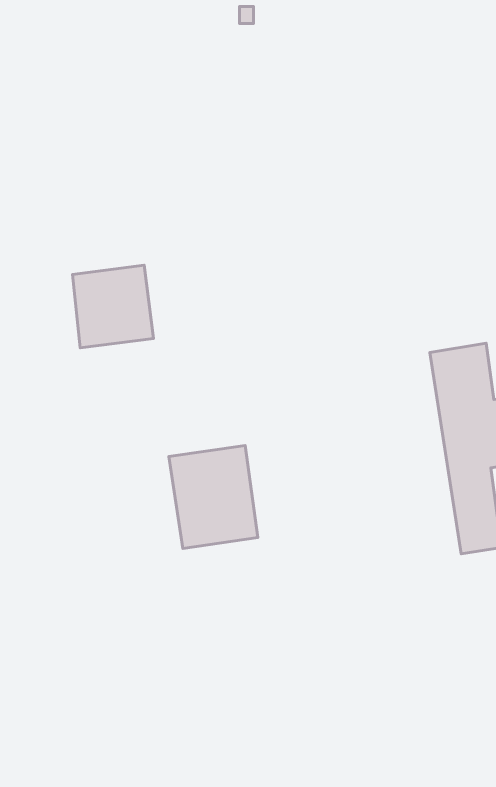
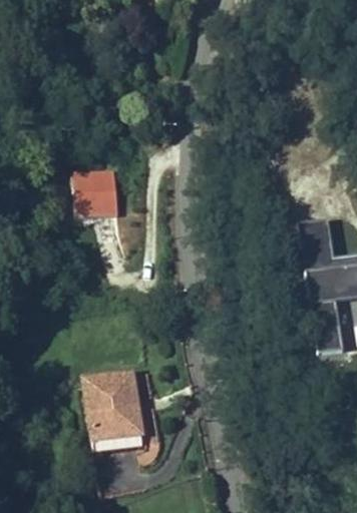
building: [169,445,258,548] -> [86,378,143,444]

